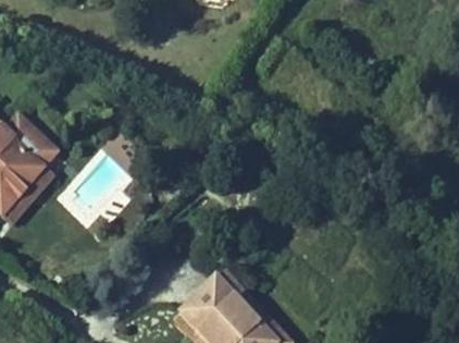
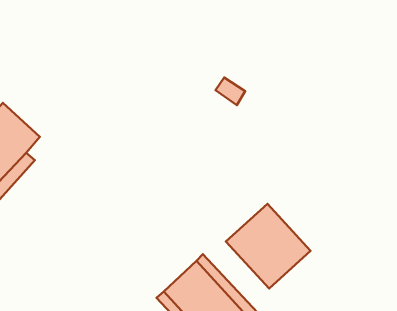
building: none -> [226,204,311,289]

